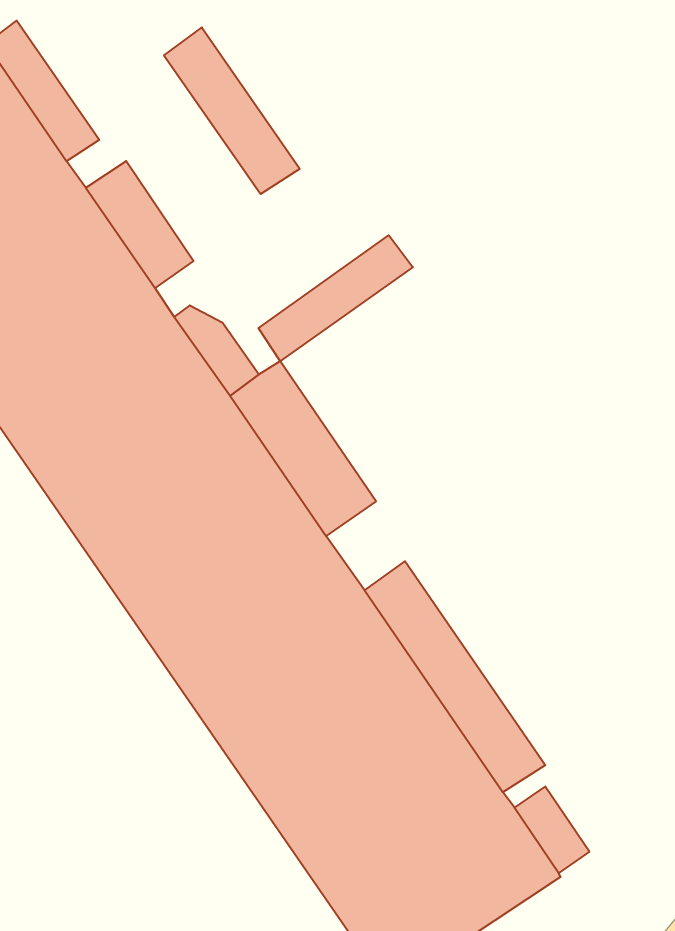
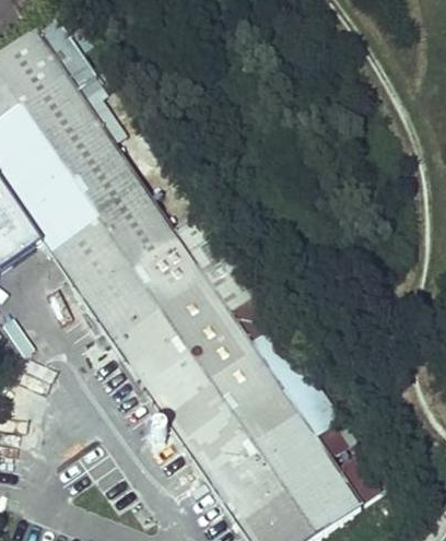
building: [164,27,300,194] -> none
building: [259,235,413,361] -> none

